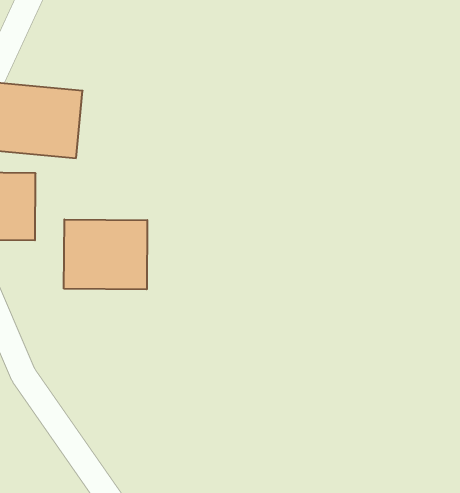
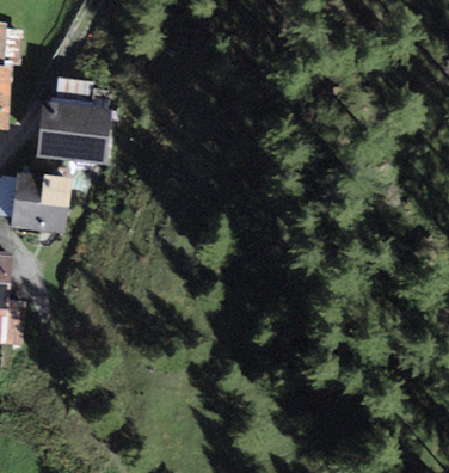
building: [64,219,147,289] -> none

